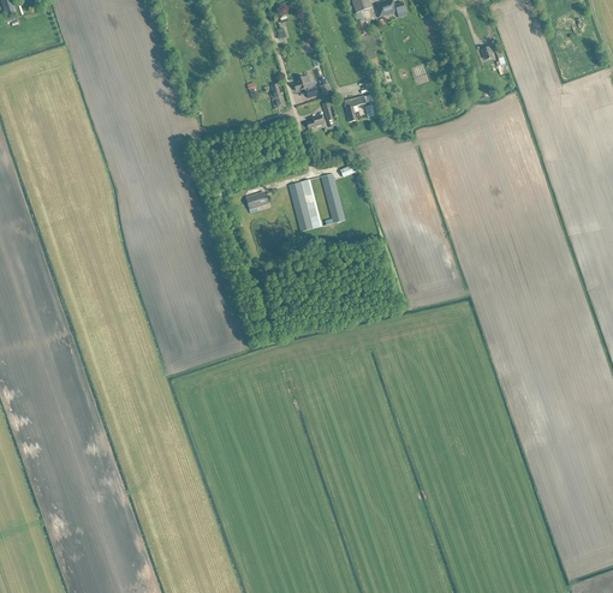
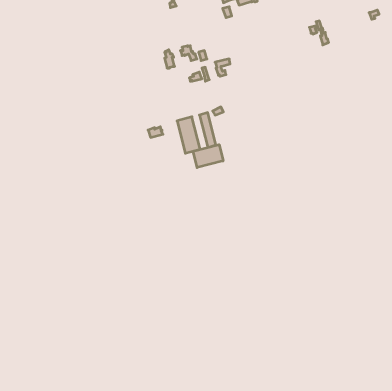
building: none -> [193,145,223,168]

